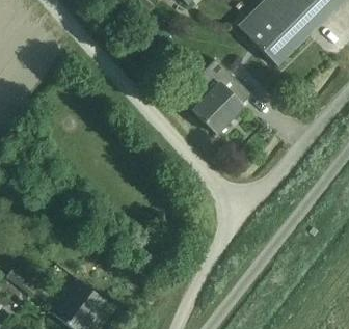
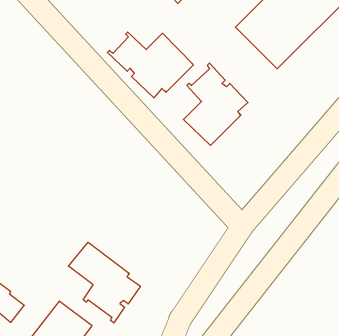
building: none -> [107,32,193,98]
building: none -> [68,242,140,323]

